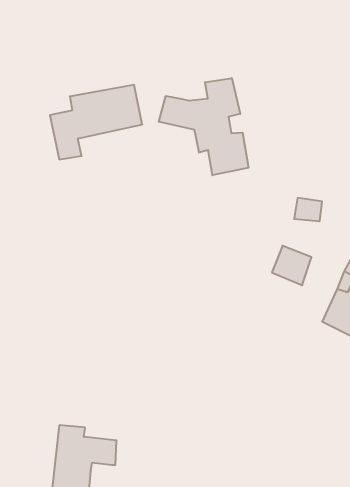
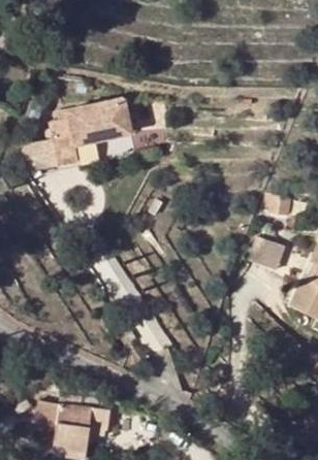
building: [159,78,249,175] -> none
building: none -> [19,138,59,169]

